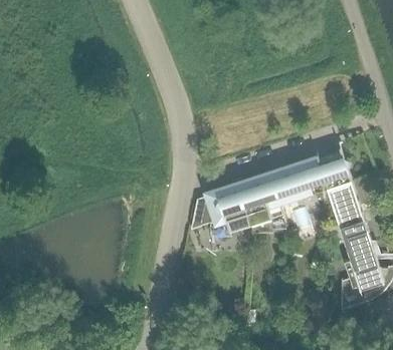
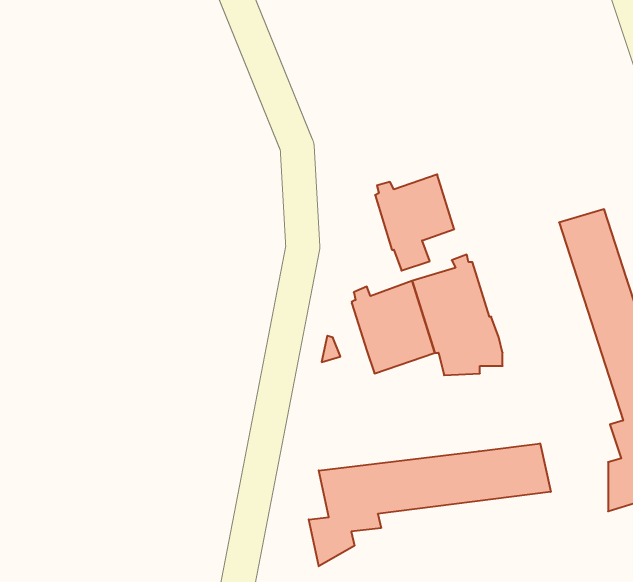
building: [269,162,312,214] -> [375,174,454,271]
building: none -> [309,443,551,566]

